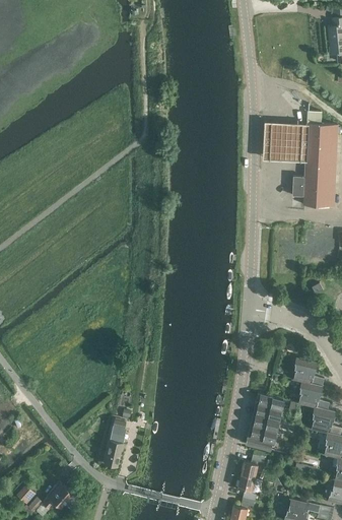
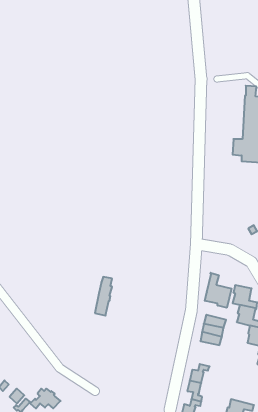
building: [261,123,305,162] -> none
building: none -> [205,273,232,308]
building: [105,420,126,468] -> [95,277,112,316]
building: [245,427,276,450] -> none

